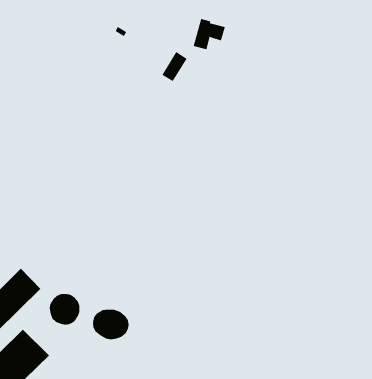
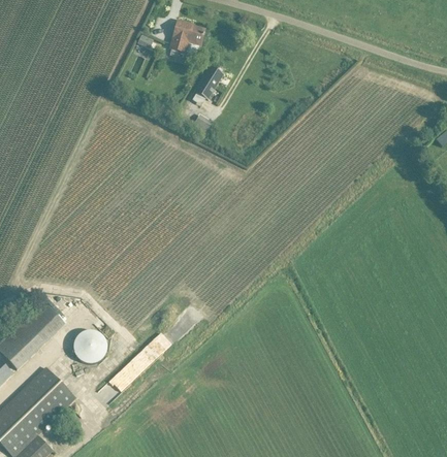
building: [193,18,226,50] -> [169,21,205,55]
building: [93,309,129,340] -> none

